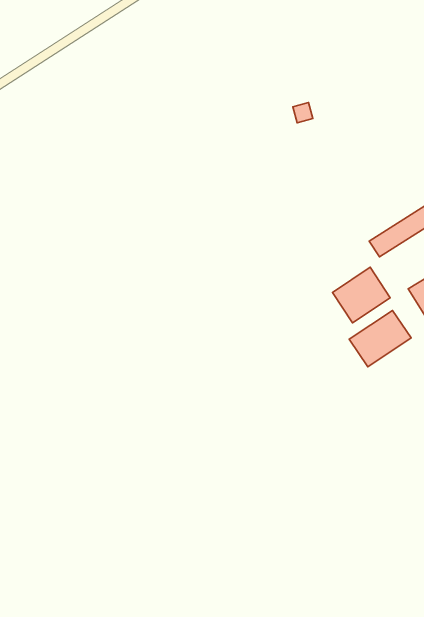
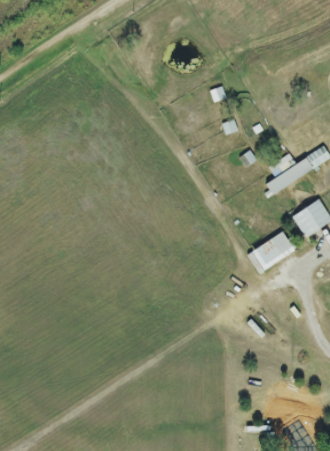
building: [332,267,390,323] -> none

